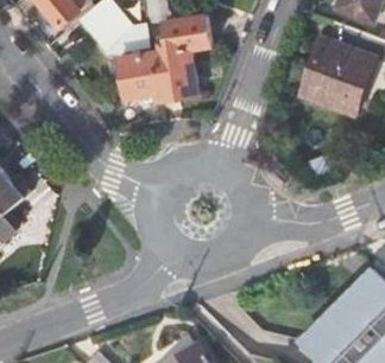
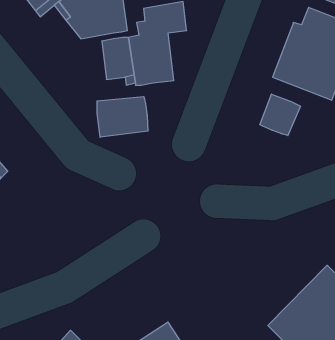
building: none -> [260,94,301,136]
building: none -> [97,97,148,137]

